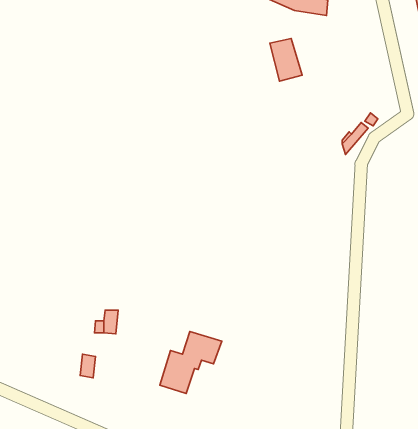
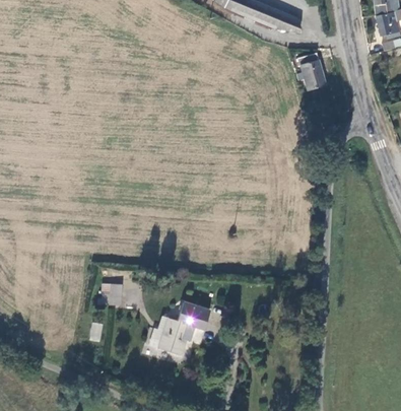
building: [270,38,302,81] -> [298,56,326,92]

